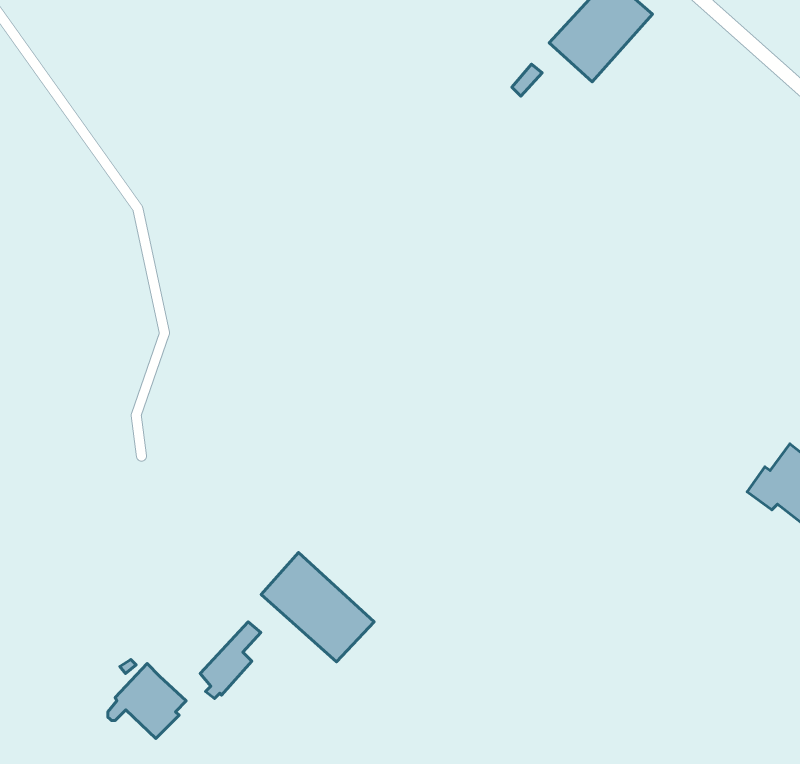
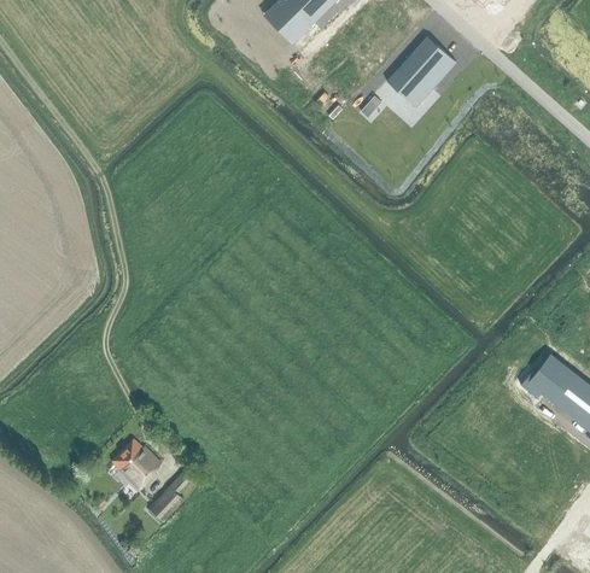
building: [261,553,374,662] -> none
building: [108,664,186,738] -> [107,439,160,490]

